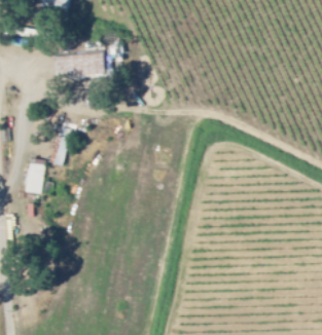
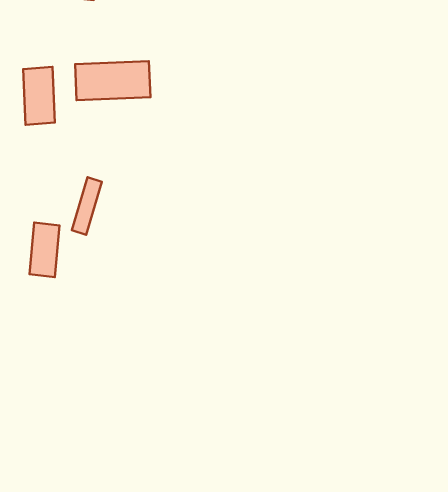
building: none -> [23,67,55,125]

